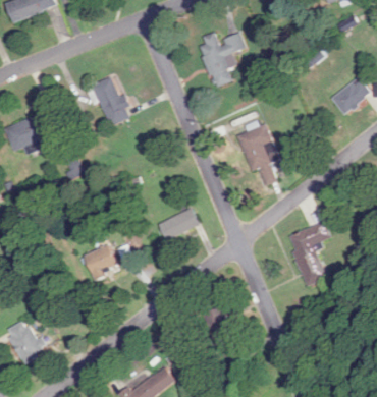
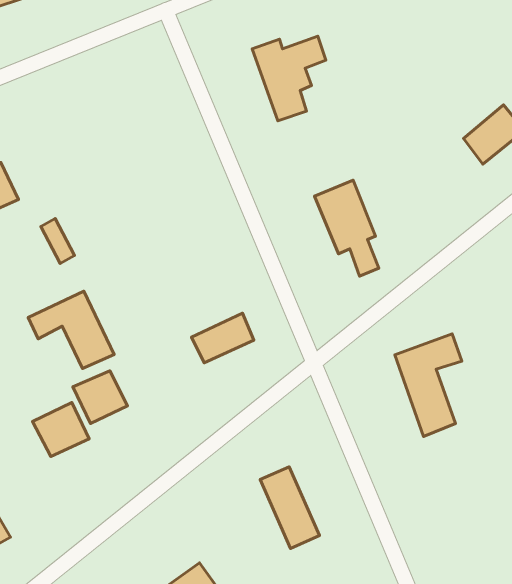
building: [92,76,129,126] -> none
building: none -> [28,291,114,368]
building: none -> [32,403,89,456]

